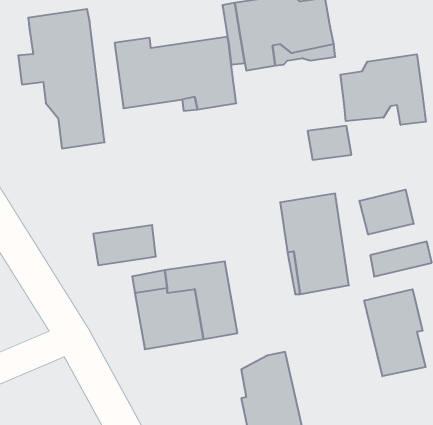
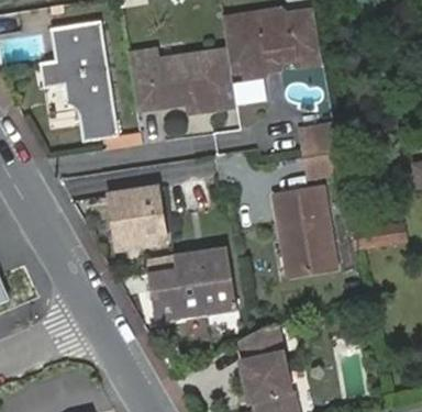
building: [340,54,426,125] -> none
building: [359,190,414,235] -> none
building: none -> [107,186,162,221]
building: [364,289,426,376] -> none

